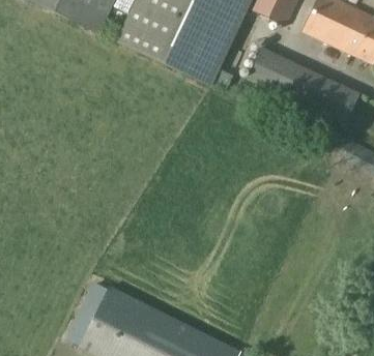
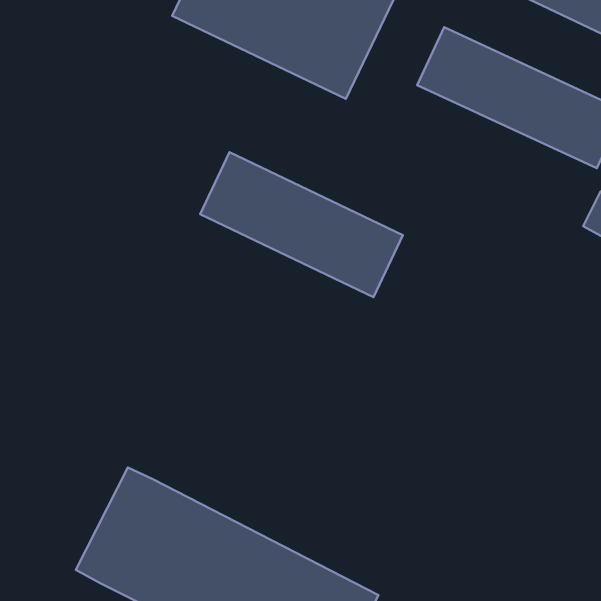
building: none -> [200,152,403,297]

